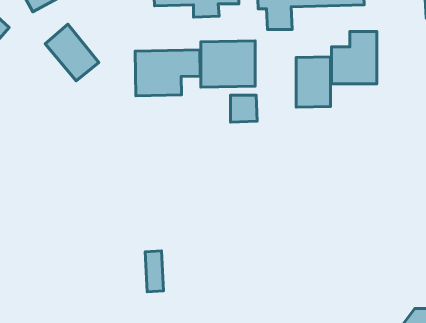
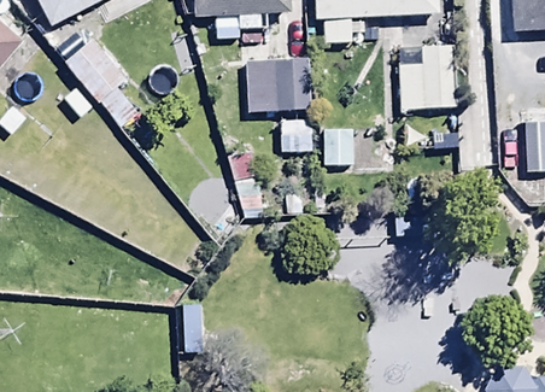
building: [135,50,200,96] -> none
building: [296,57,331,107] -> none

